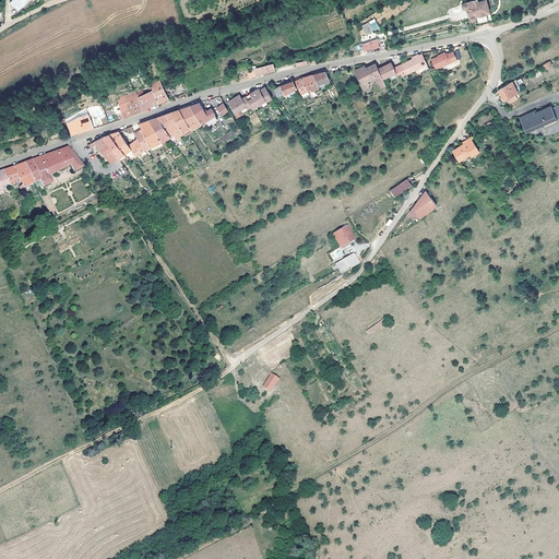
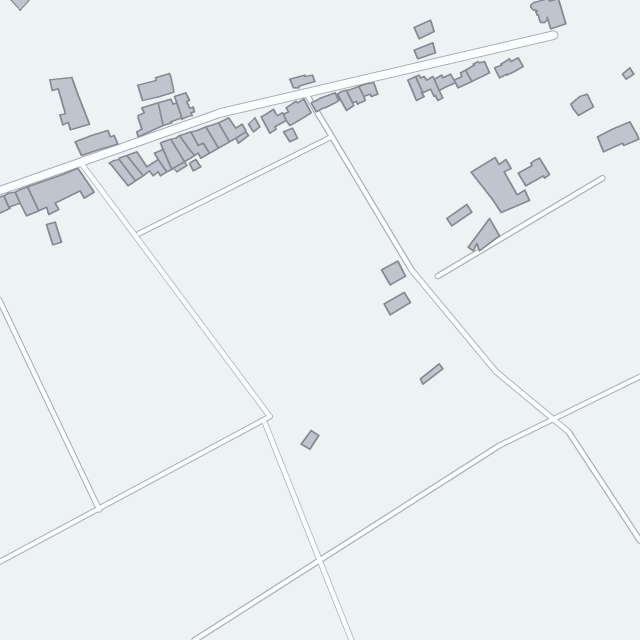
building: none -> [138,74,174,100]
building: none -> [50,78,90,130]
building: none -> [471,158,529,213]

